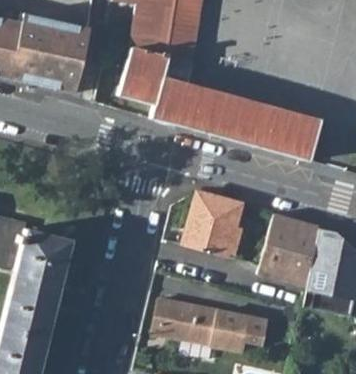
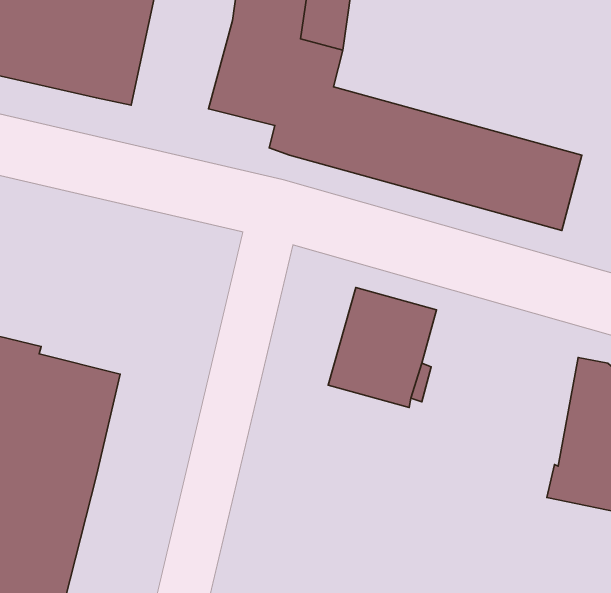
building: [259,214,321,289] -> none
building: [154,298,269,350] -> none

